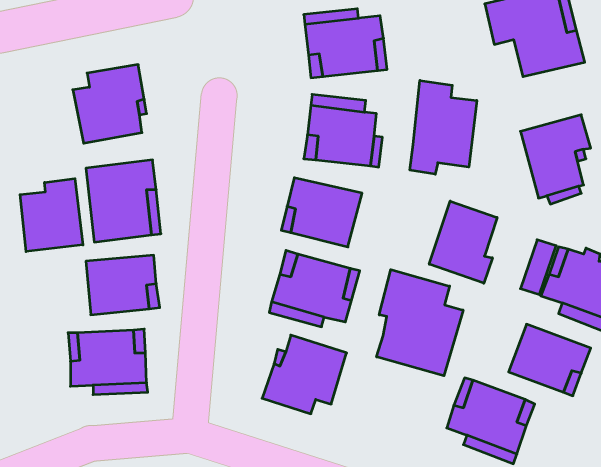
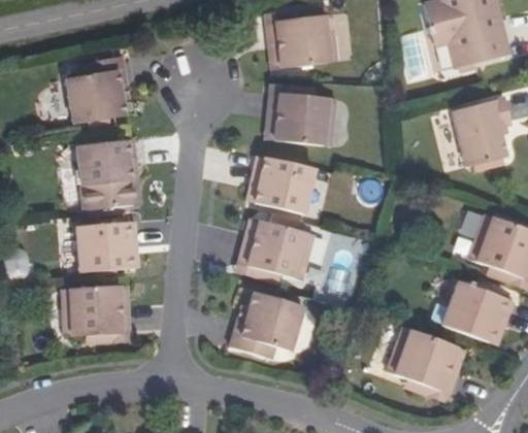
building: [410,80,477,174] -> none
building: [20,179,83,252] -> none
building: [429,201,497,283] -> none
building: [377,270,463,376] -> none

